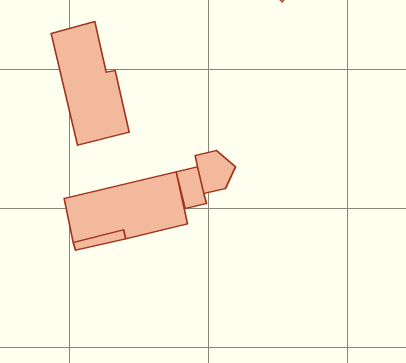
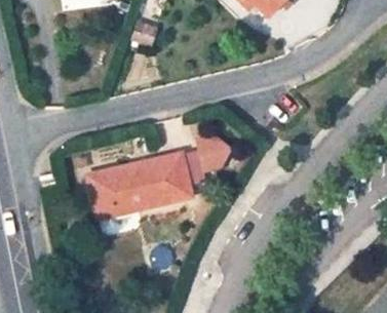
building: [51,22,129,145] -> none

